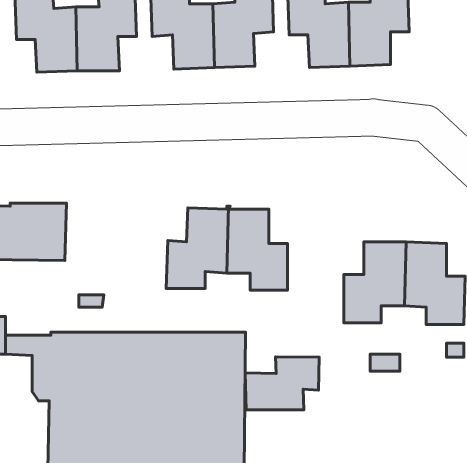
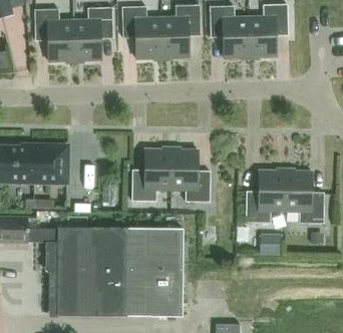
building: [245,357,319,410] -> none

